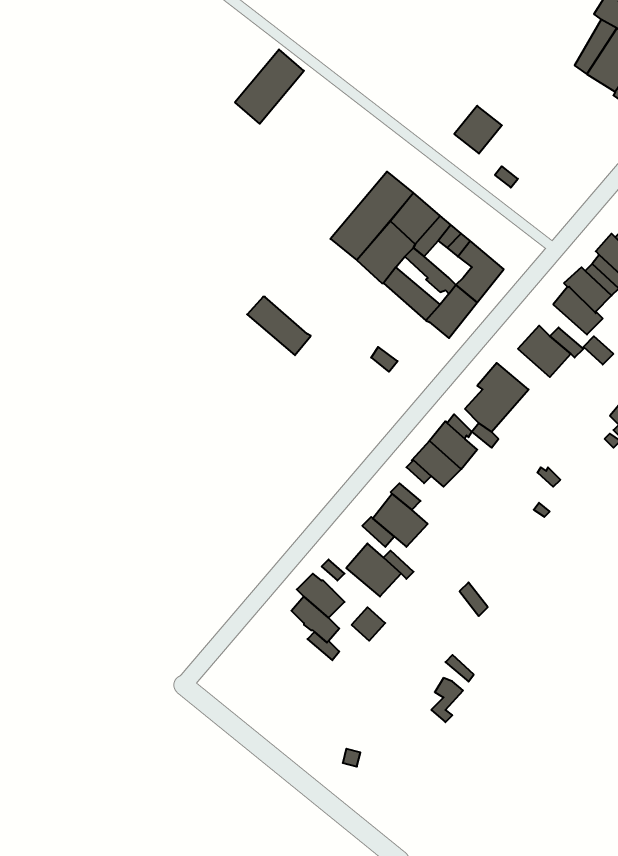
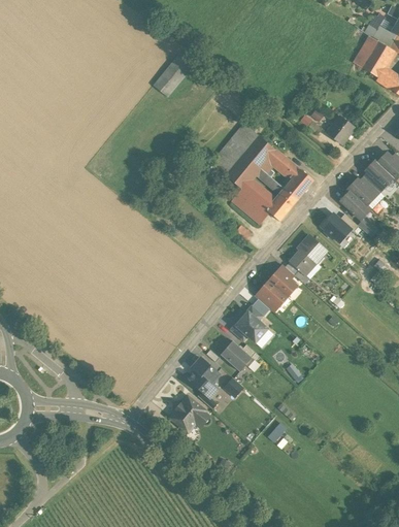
building: [454,106,502,154] -> [326,114,354,142]
building: [247,297,311,355] -> [232,188,269,222]
building: none -> [170,395,208,430]

